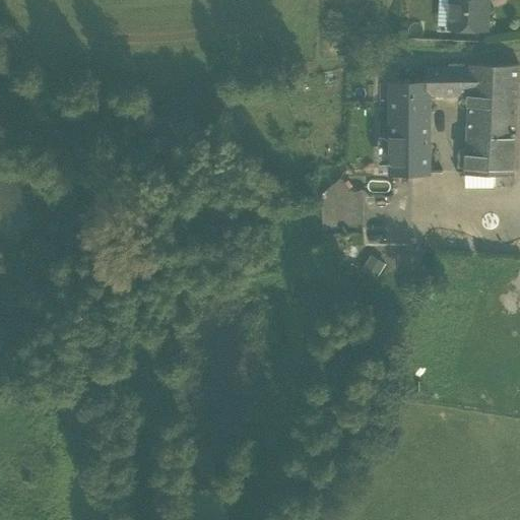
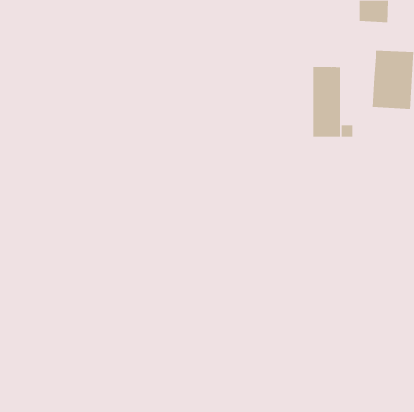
building: [414,73,469,101] -> none
building: [463,137,514,176] -> none

